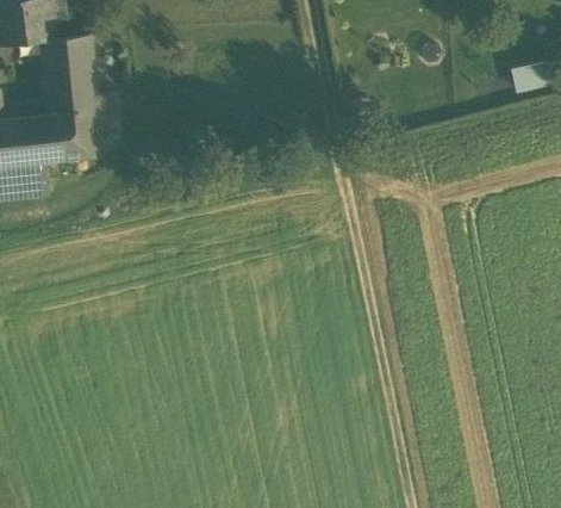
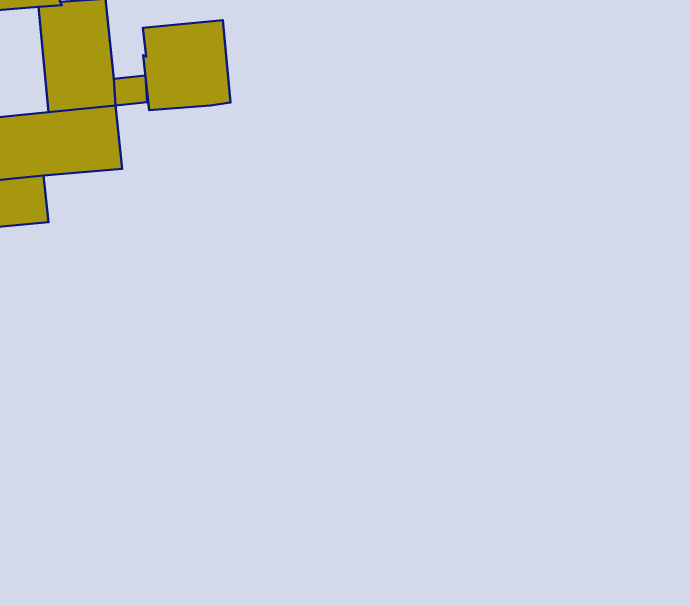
building: none -> [143,20,230,110]

